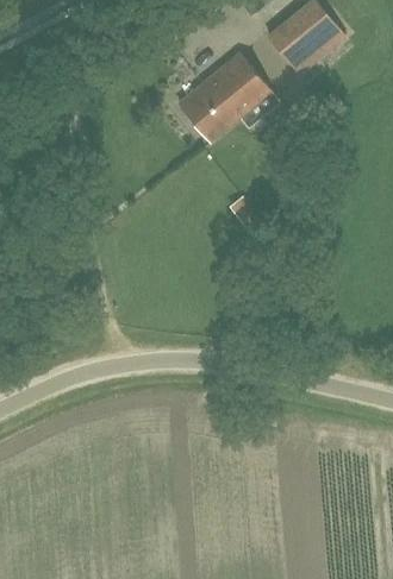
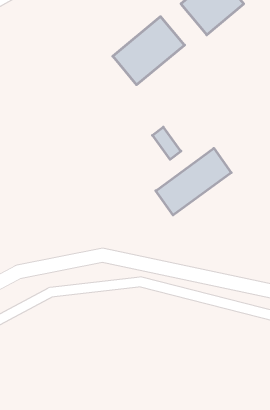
building: none -> [156,148,231,215]

